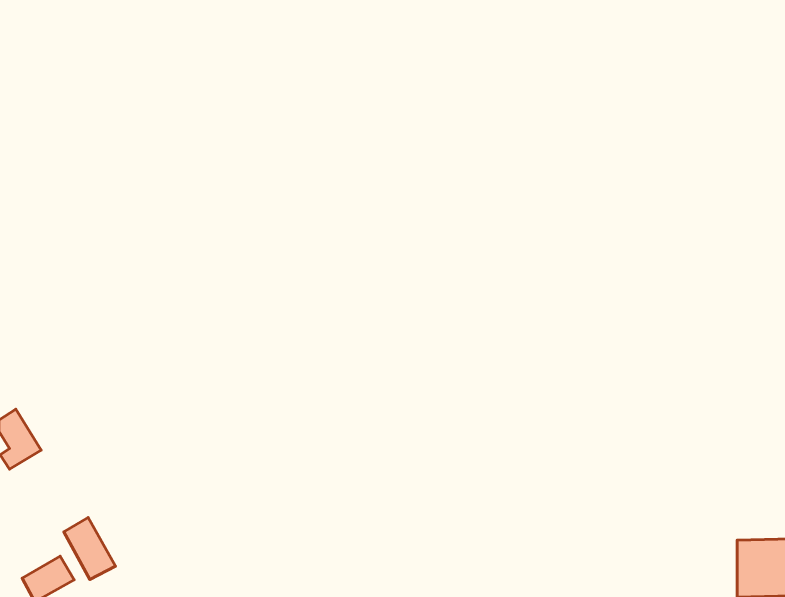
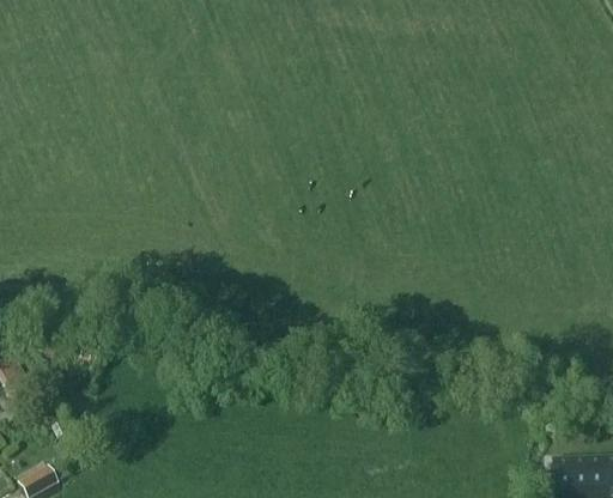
building: [64,517,115,579] -> none

